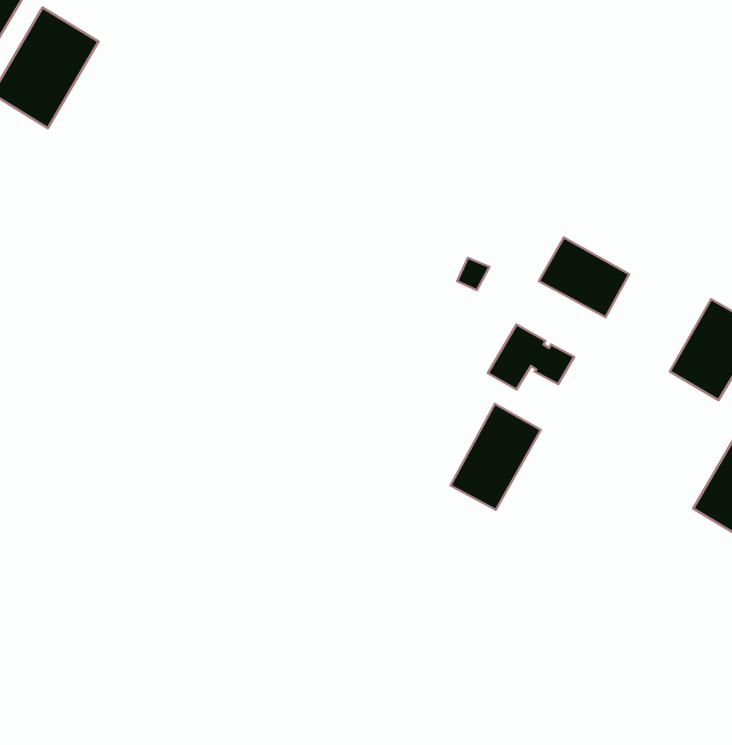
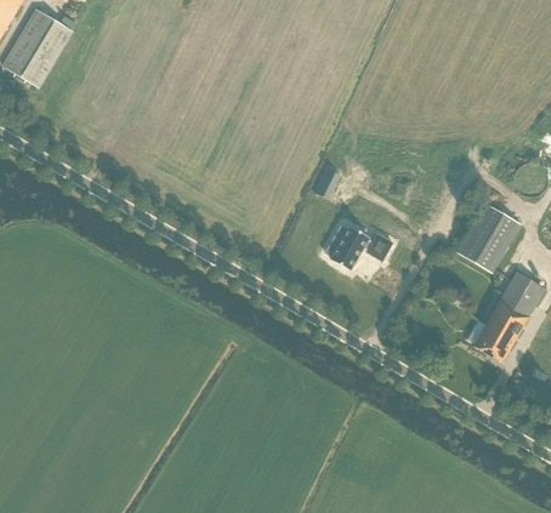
building: [539,237,629,317] -> none
building: [450,404,541,510] -> none

